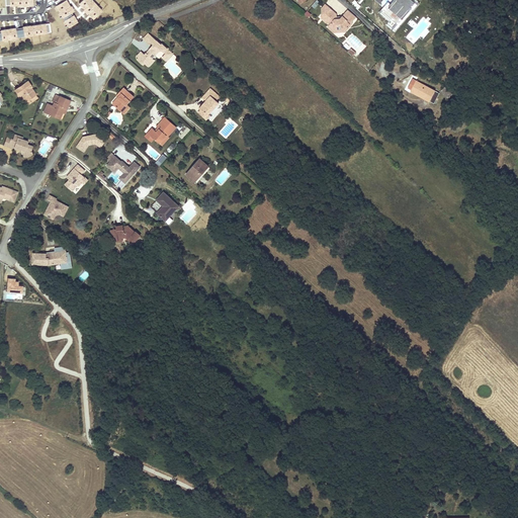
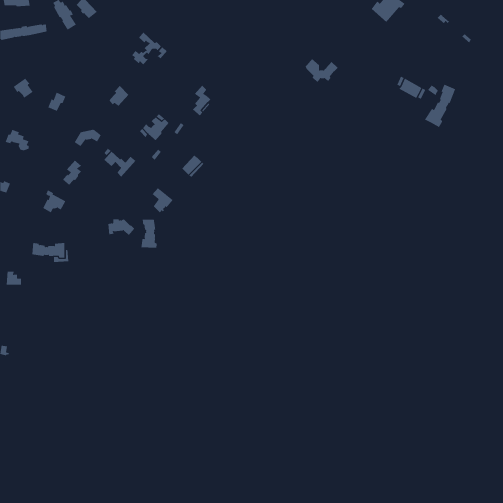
building: [319,6,353,31] -> [305,58,338,83]
building: none -> [424,84,456,128]
building: none -> [141,219,157,248]

